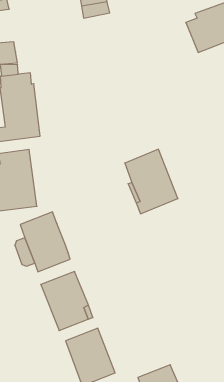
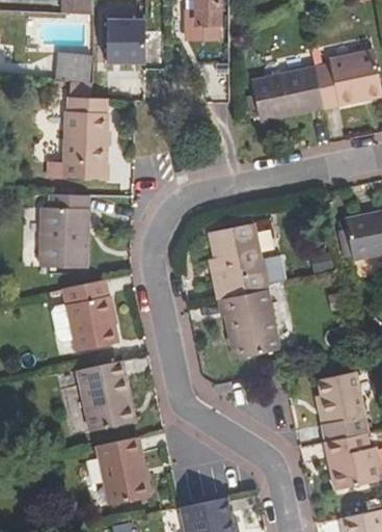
building: none -> [107,20,144,61]
building: none -> [250,68,324,122]
building: none -> [217,289,280,360]

